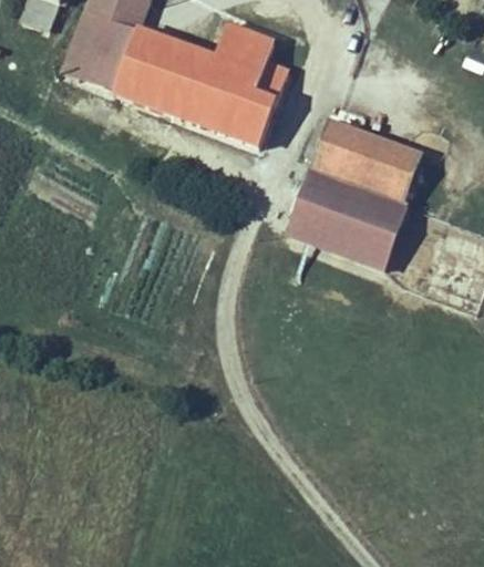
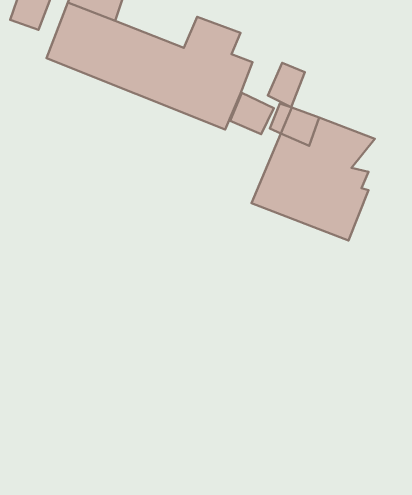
building: none -> [268,63,305,107]
building: none -> [230,93,274,134]

